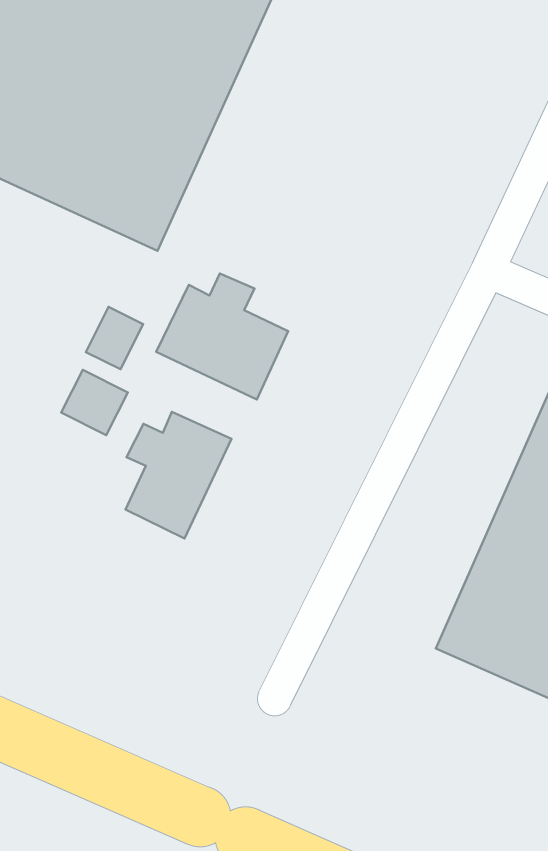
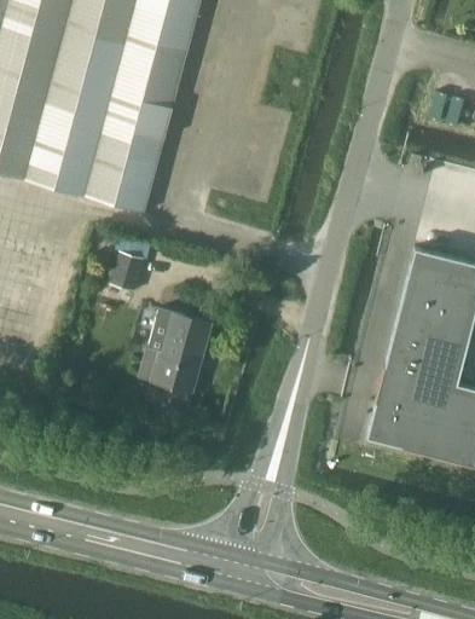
building: [156,274,288,399] -> none
building: [61,370,128,435] -> none

